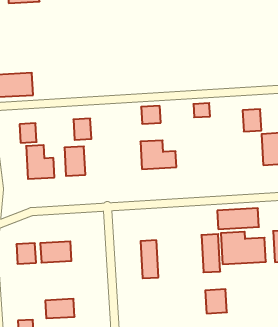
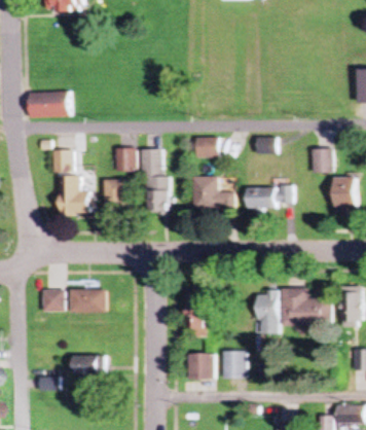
building: none -> [141,149,169,214]
building: [217,208,259,229] -> [246,186,293,208]
building: [205,289,227,313] -> [221,351,245,378]
building: none -> [186,353,213,379]

